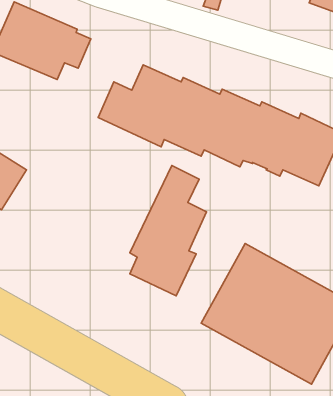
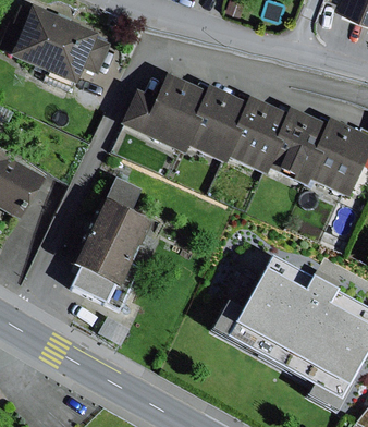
building: [130,166,207,296] -> [72,174,151,309]

